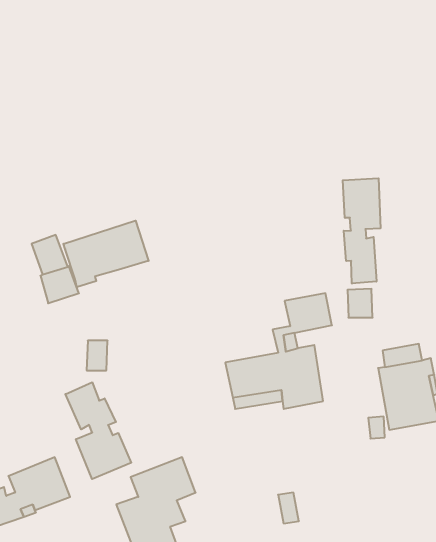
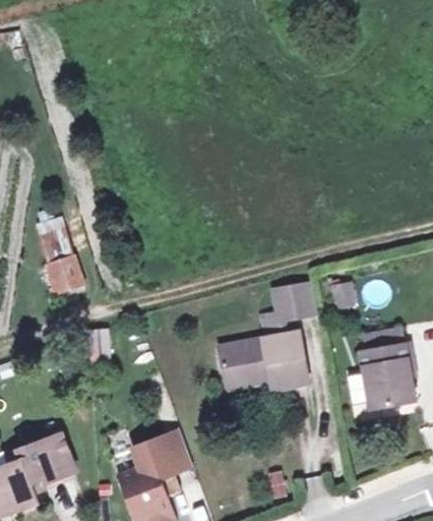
building: [343,178,380,284] -> none
building: [63,221,149,287] -> none
building: [65,382,131,479] -> none

